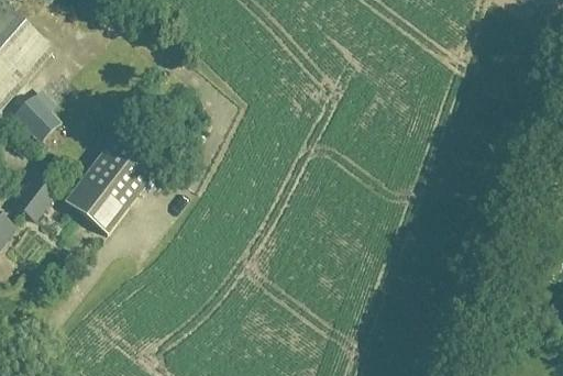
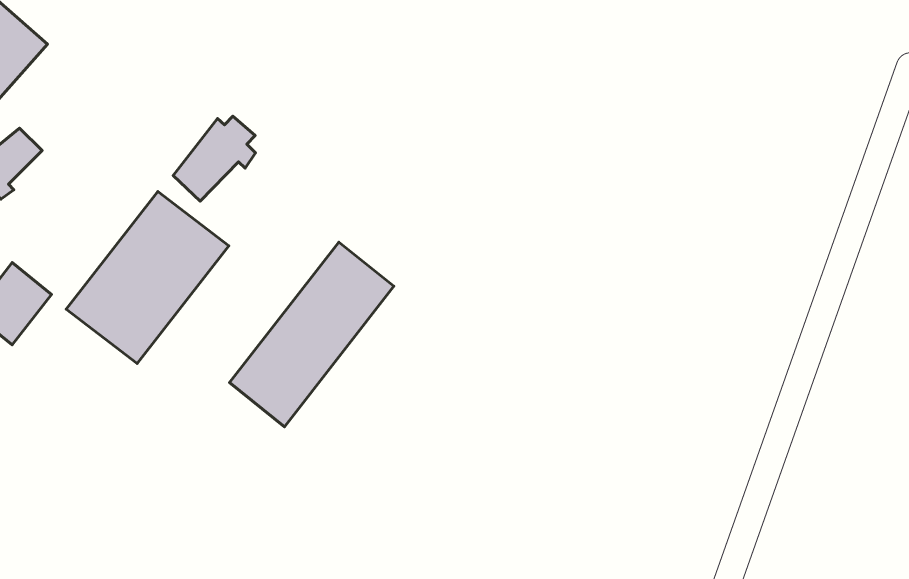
building: none -> [173,116,256,201]
building: none -> [229,242,394,427]

